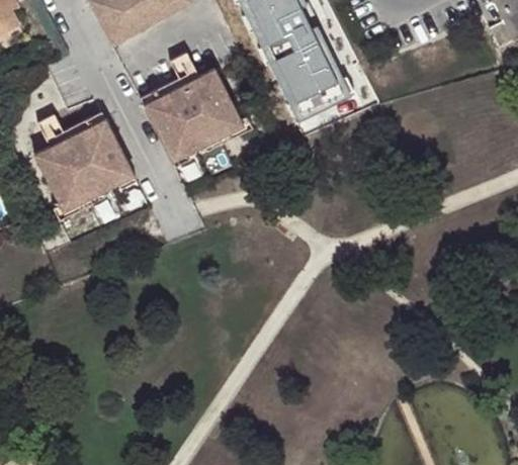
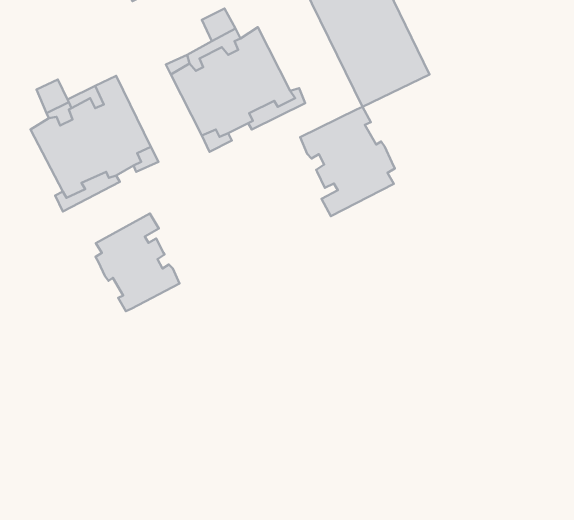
building: none -> [300,107,395,216]
building: none -> [95,213,180,311]

